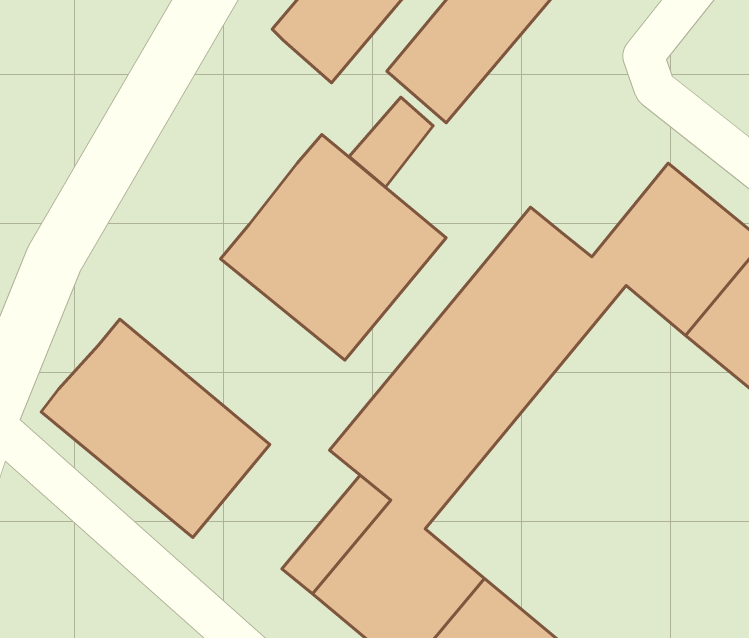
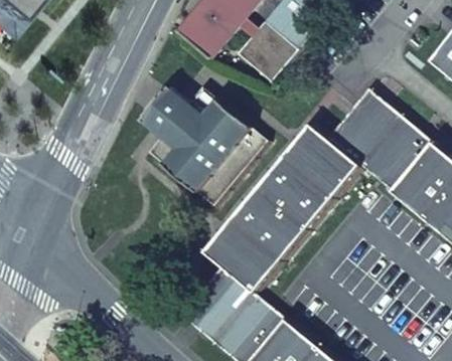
building: [349,97,433,187] -> [144,87,188,135]
building: none -> [327,89,384,152]
building: [41,319,270,537] -> none

